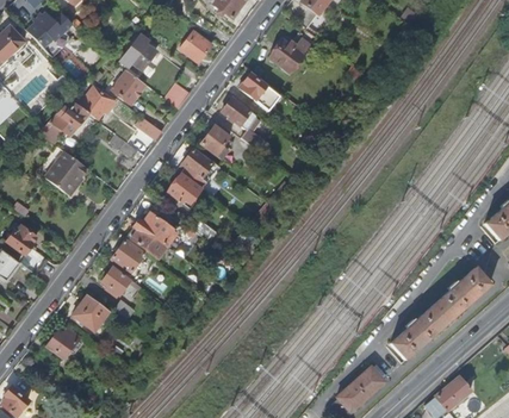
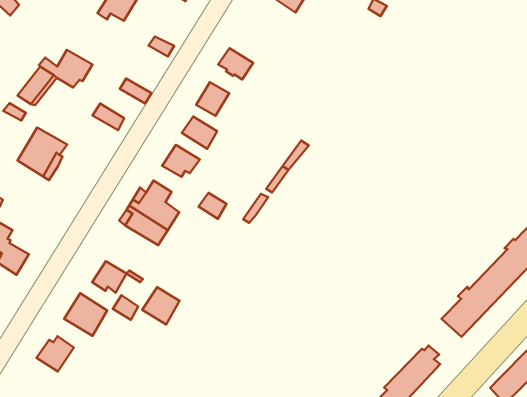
building: [111,70,144,104] -> none
building: [240,74,279,111] -> none
building: [111,242,143,274] -> [142,287,180,325]

